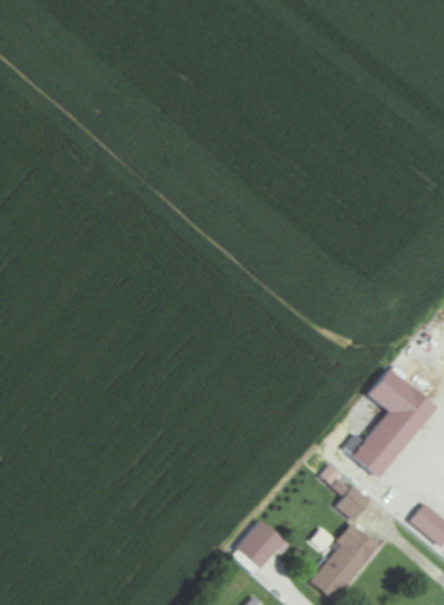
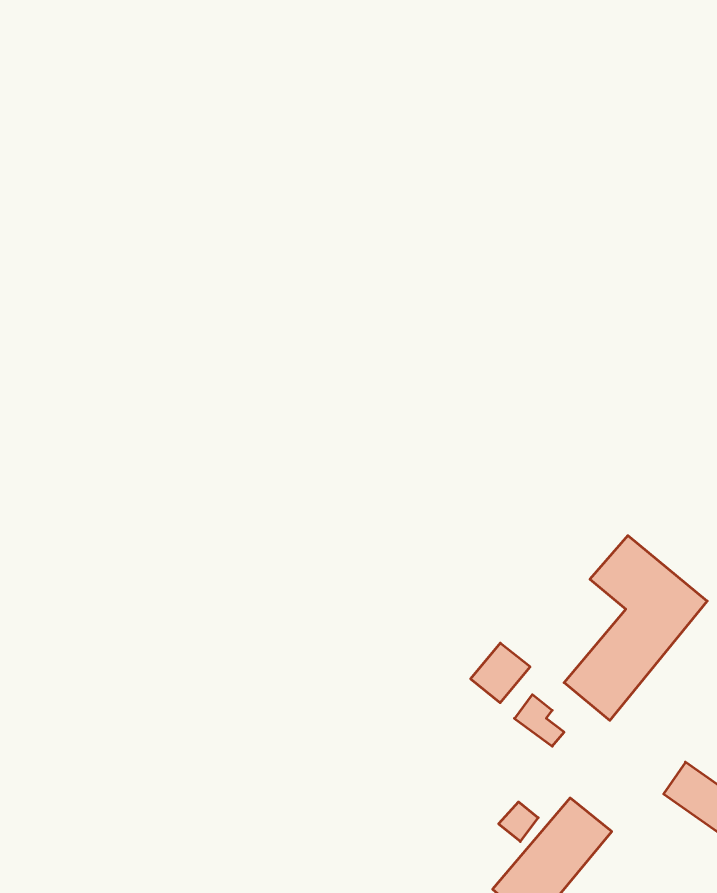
building: [336,484,371,519] -> [471,643,530,703]
building: [231,519,288,573] -> none

